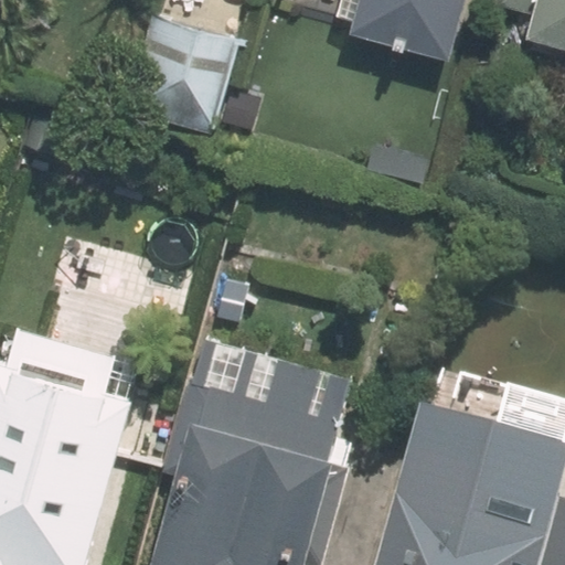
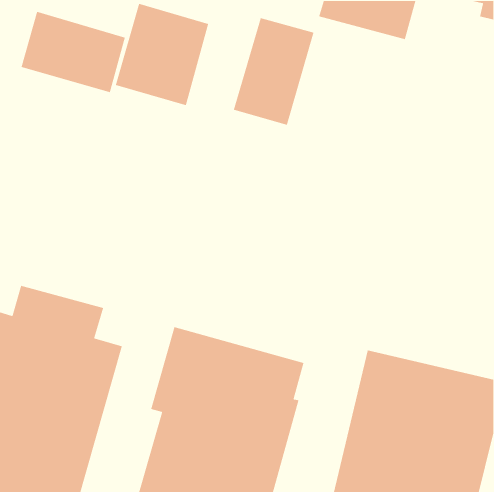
building: none -> [20,11,126,93]
building: none -> [233,17,314,126]

